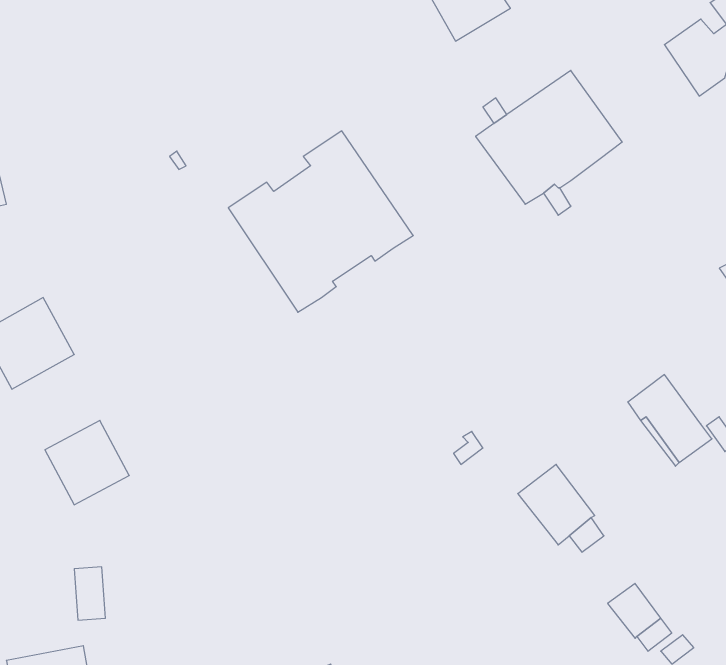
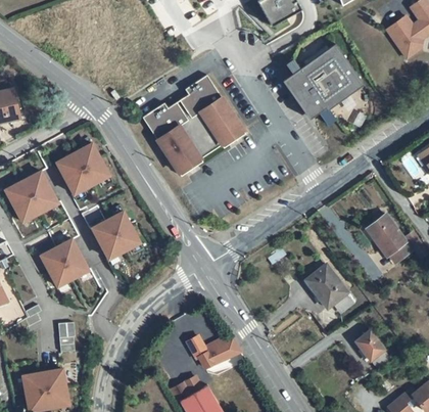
building: none -> [56,143,108,194]
building: none -> [92,211,139,259]
building: none -> [187,336,240,368]

